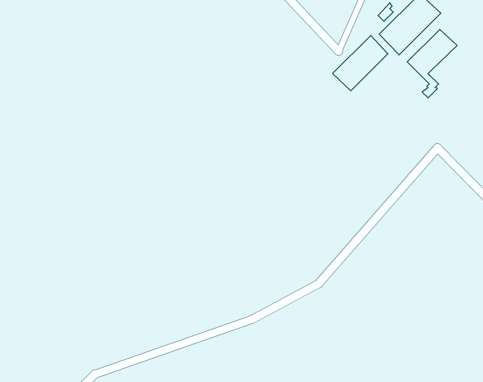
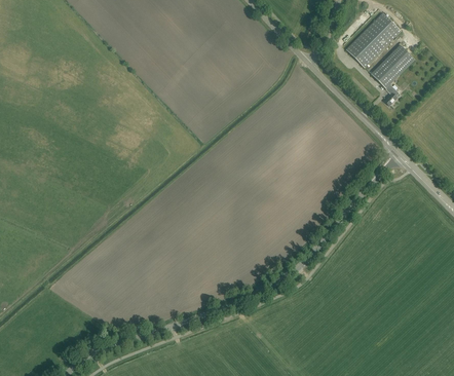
building: [333,35,388,91] -> none

